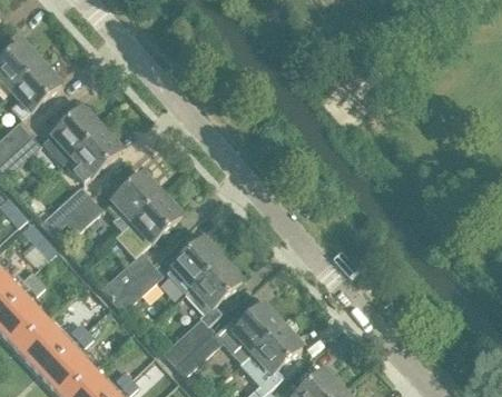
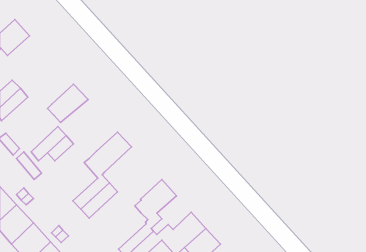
building: [11,62,60,116] -> none
building: [47,107,101,161] -> none
building: [105,172,161,229] -> none
building: [165,238,222,294] -> none

